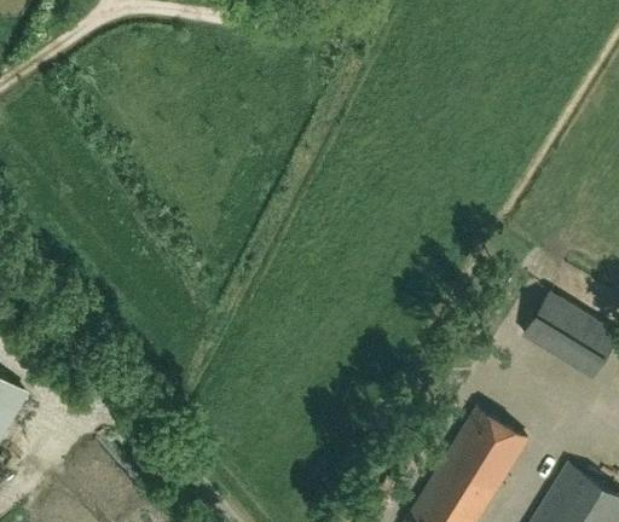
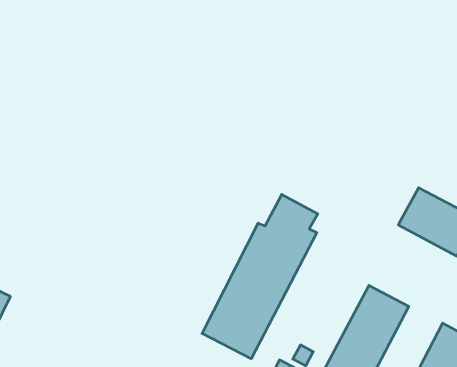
building: none -> [202,194,318,359]

